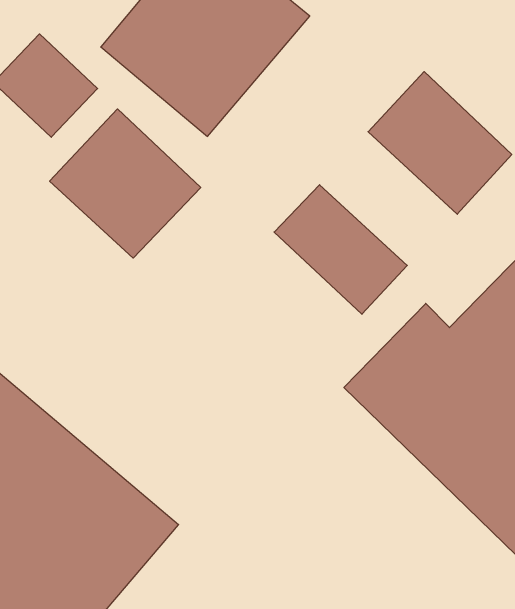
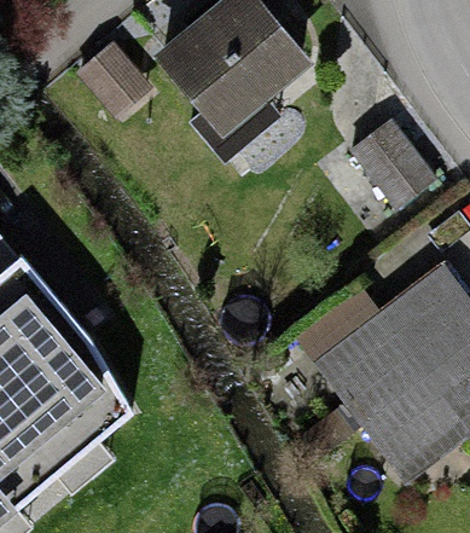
building: [50,109,201,258] -> none
building: [274,185,407,314] -> none

